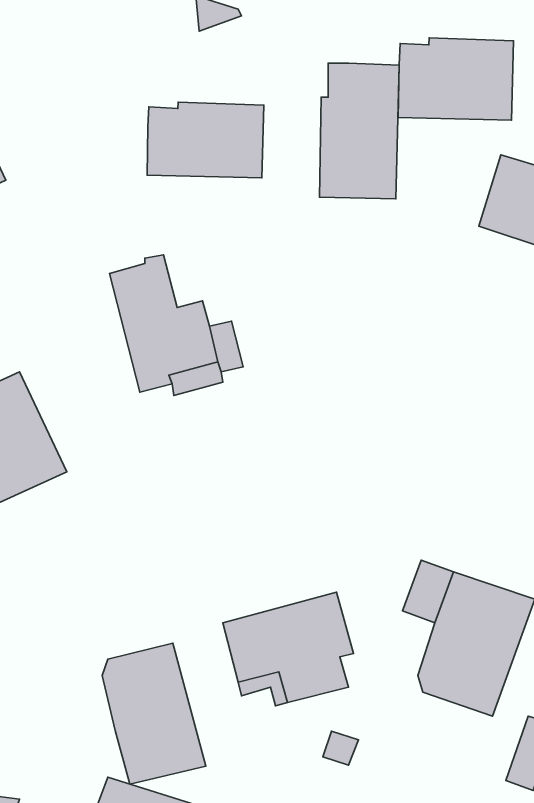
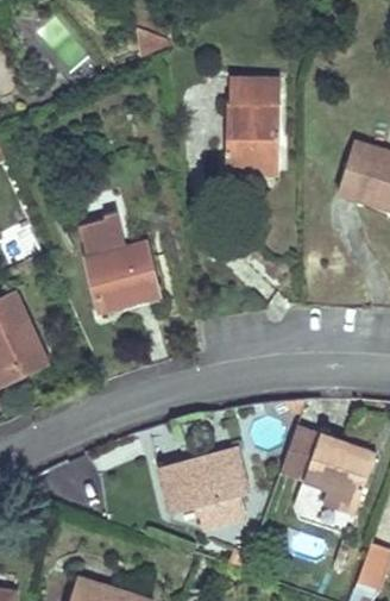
building: [398,38,514,120] -> none
building: [147,102,264,178] -> none
building: [102,643,206,784] -> none

